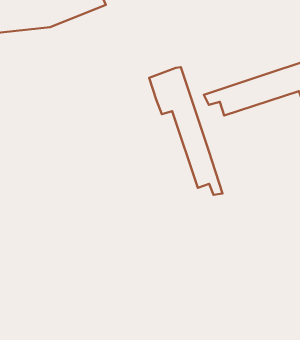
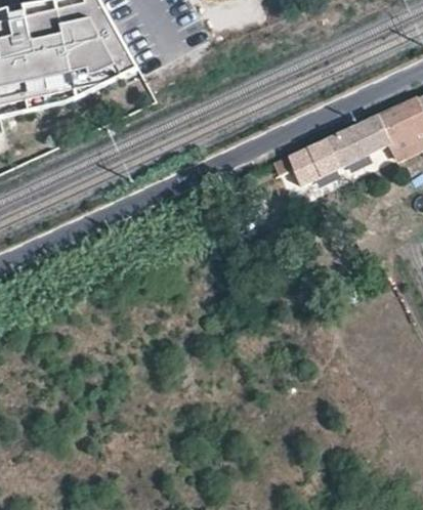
building: [149,67,223,195] -> none

